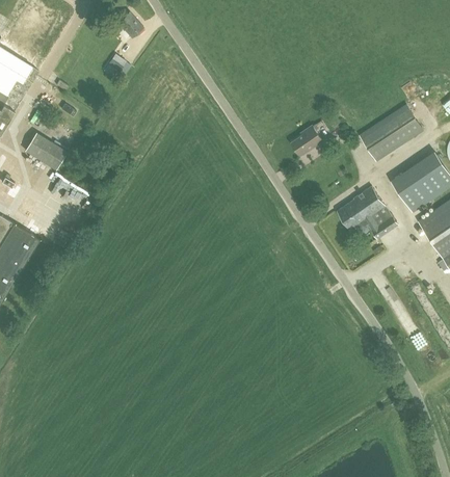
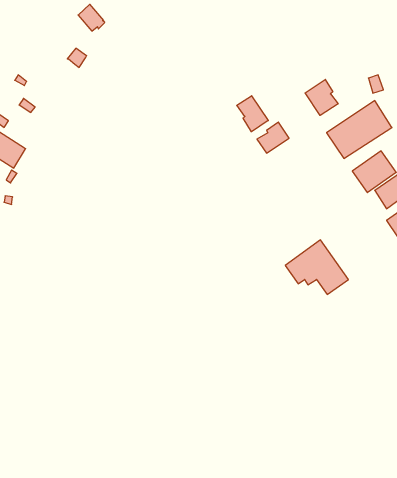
building: none -> [305,79,338,115]
building: none -> [237,96,268,132]
building: [337,186,398,239] -> [285,240,348,294]

